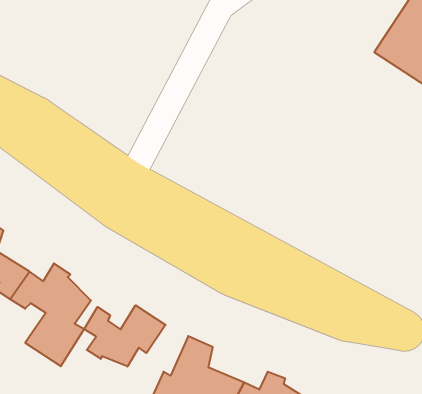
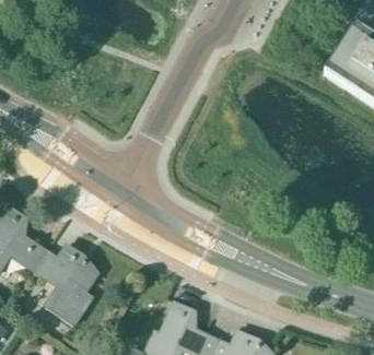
building: [84,305,166,367] -> none

